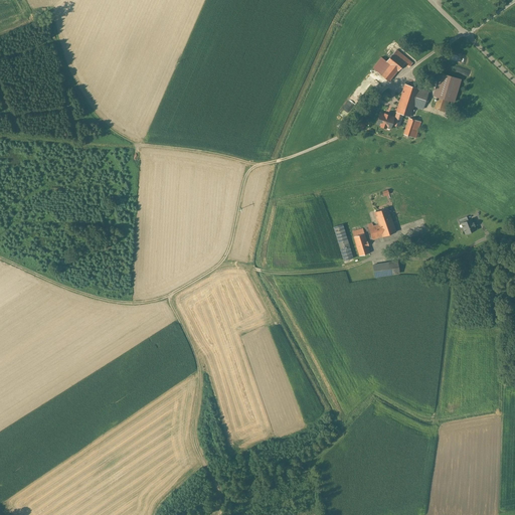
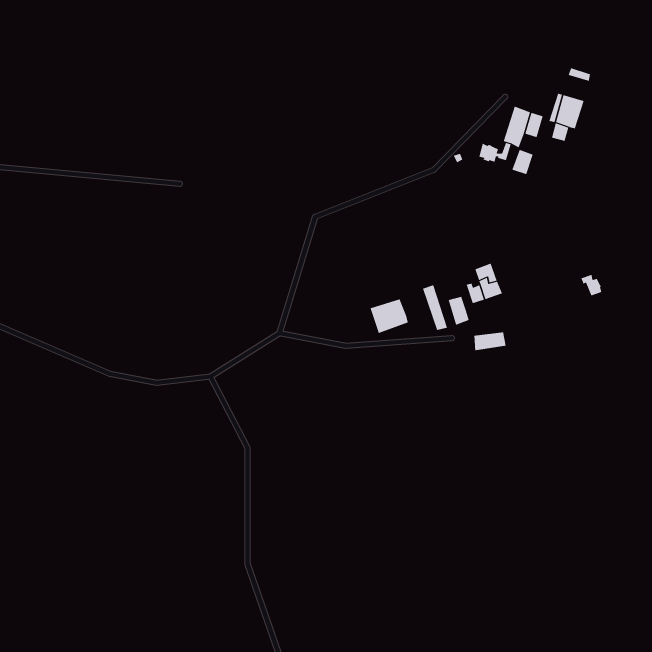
building: [372,49,412,81] -> none
building: none -> [370,298,409,334]

